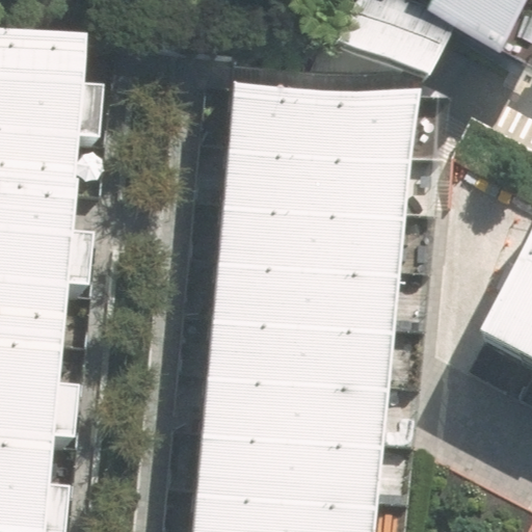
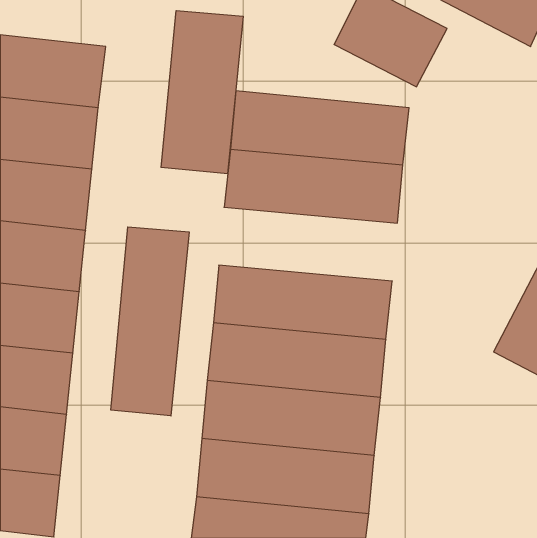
building: none -> [161,11,243,174]
building: [218,204,394,276] -> none
building: none -> [111,227,189,416]

